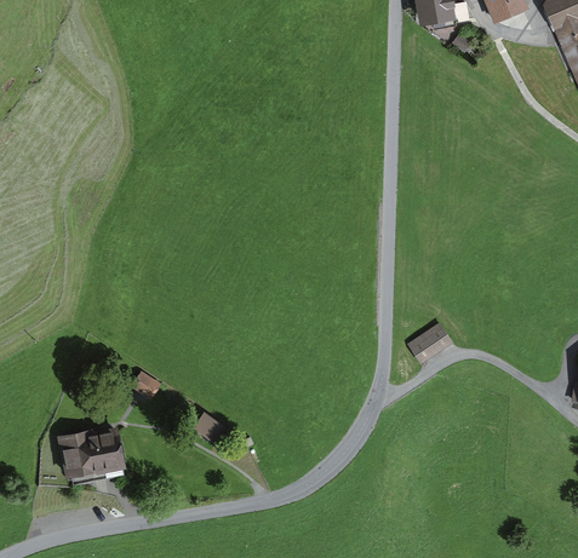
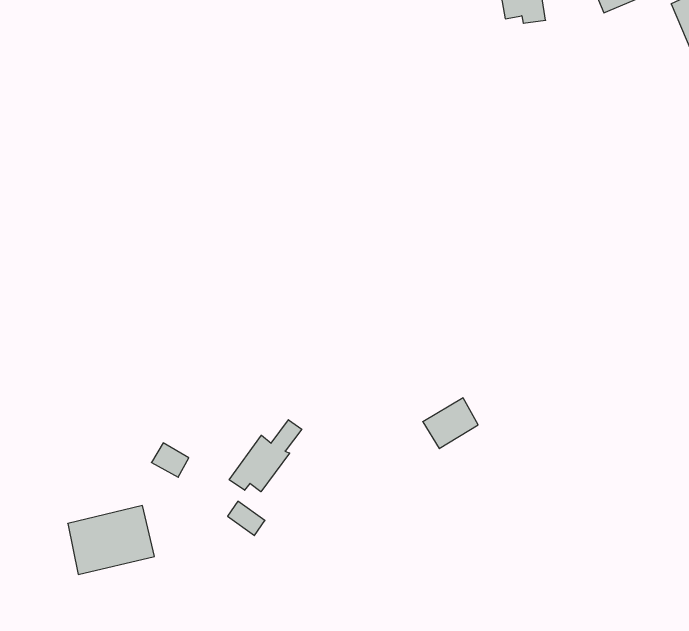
building: [408,321,453,362] -> [423,398,478,449]
building: none -> [229,420,302,492]

